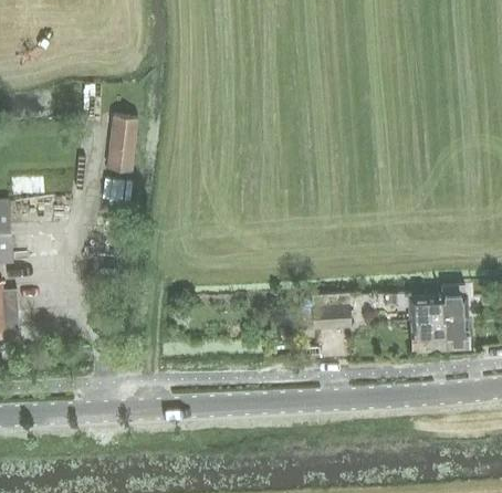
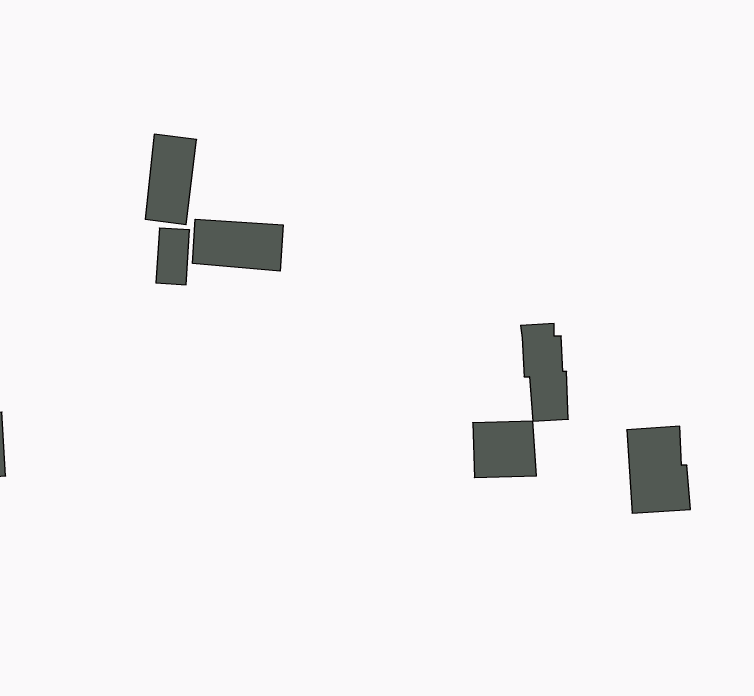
building: none -> [193,219,283,271]
building: [439,287,469,348] -> [521,324,568,421]

